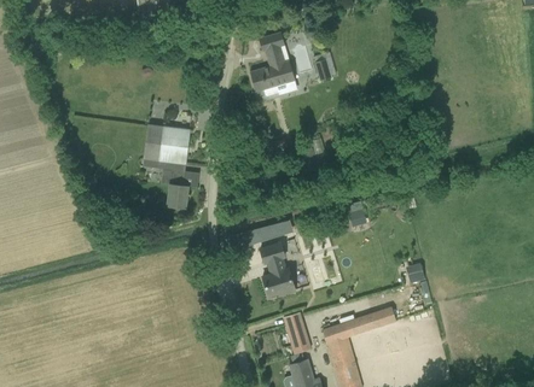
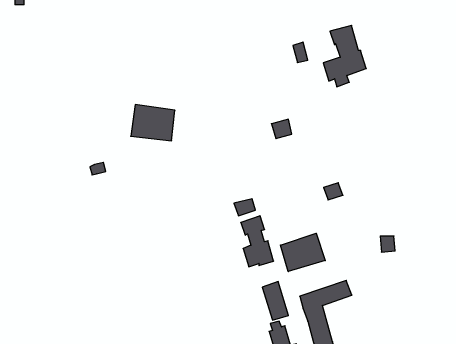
building: [250,33,296,98] -> [323,25,366,87]
building: [143,158,187,207] -> none
building: none -> [280,233,325,272]

